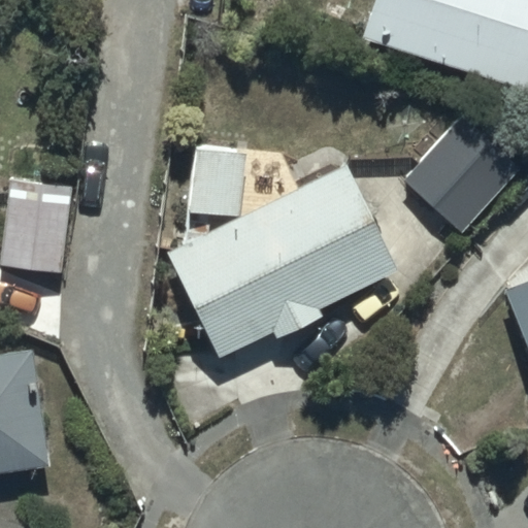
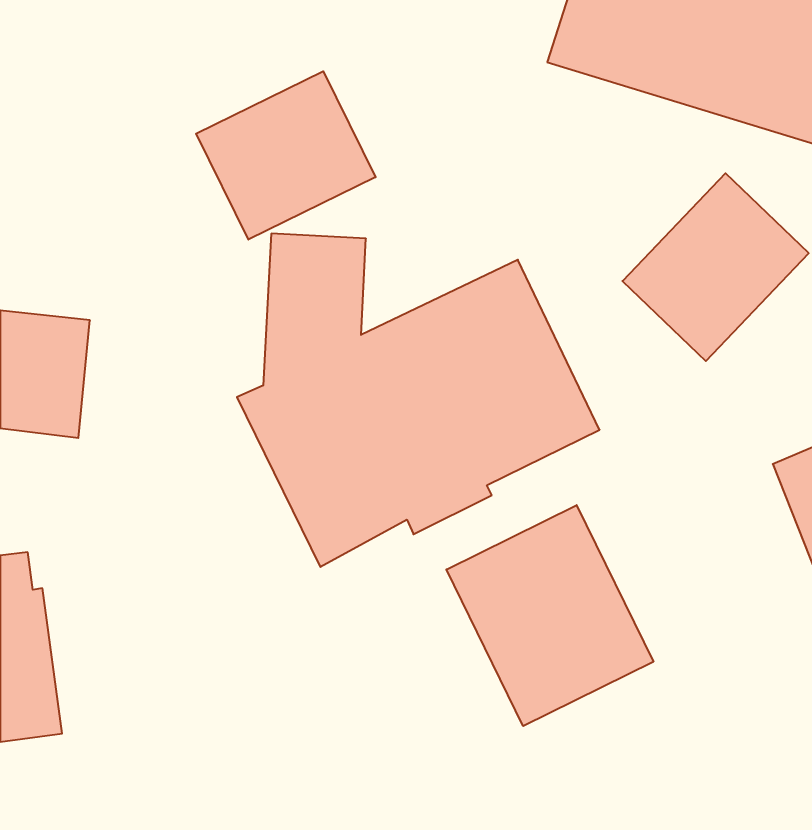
building: none -> [196,71,376,240]
building: none -> [446,505,653,726]

